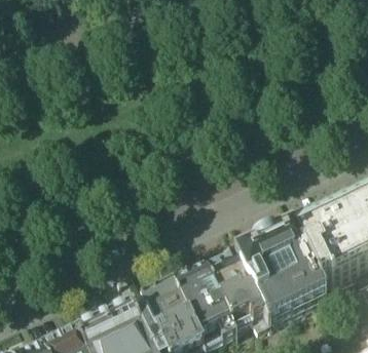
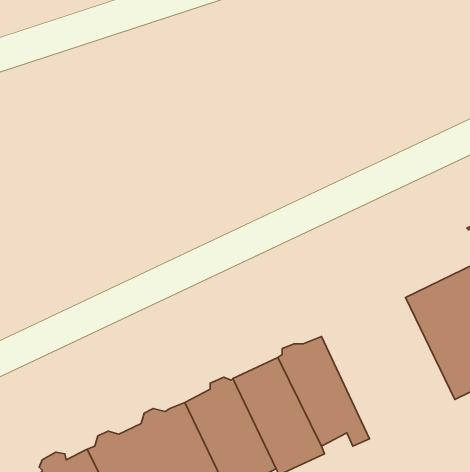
building: [240,226,331,323] -> none

